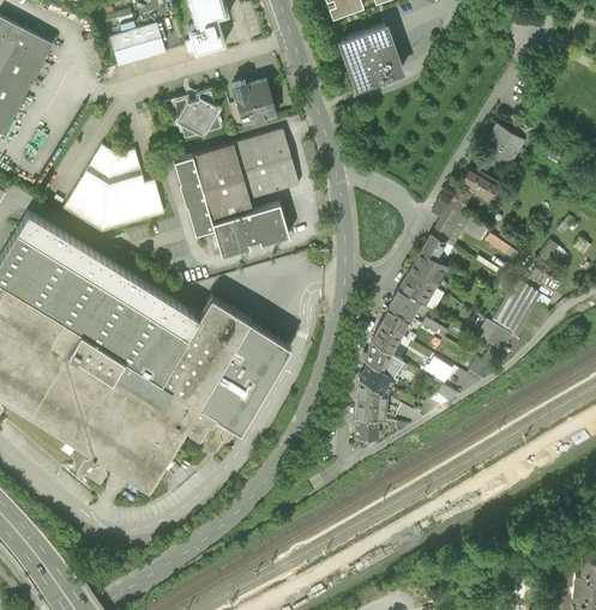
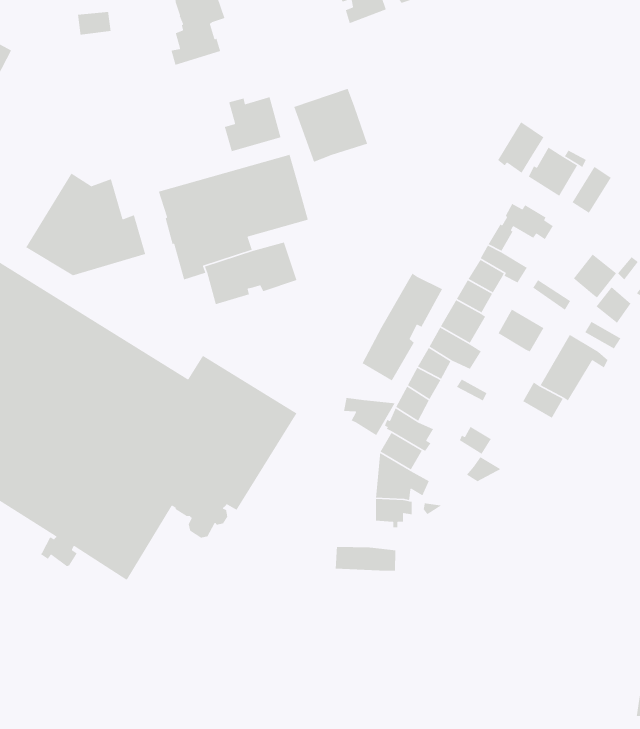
building: [109,25,165,68] -> none
building: [339,26,402,89] -> [293,88,368,163]
building: [173,91,221,139] -> none
building: none -> [497,121,545,174]
building: none -> [571,166,612,214]
building: none -> [573,254,617,298]
building: none -> [362,272,443,381]
building: none -> [497,309,544,353]
building: none -> [343,397,396,436]
building: none -> [335,546,396,572]

